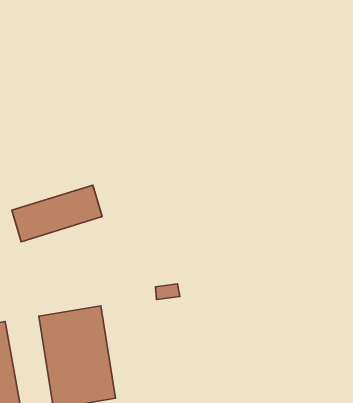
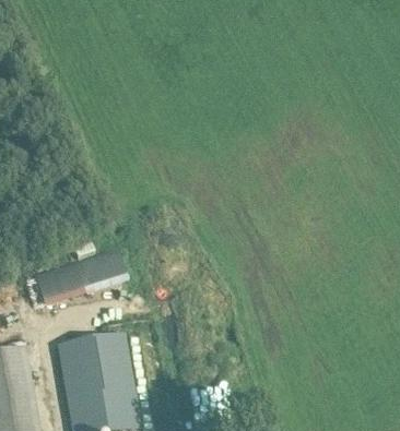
building: [12,185,102,242] -> [33,246,127,304]

